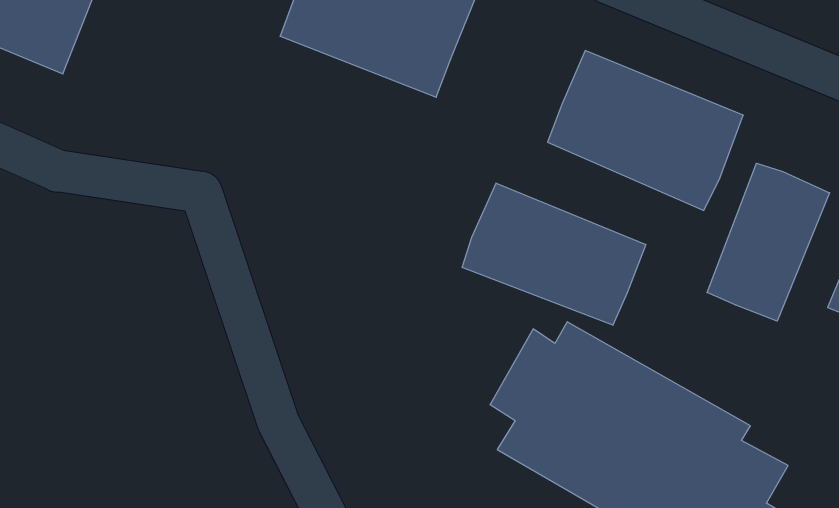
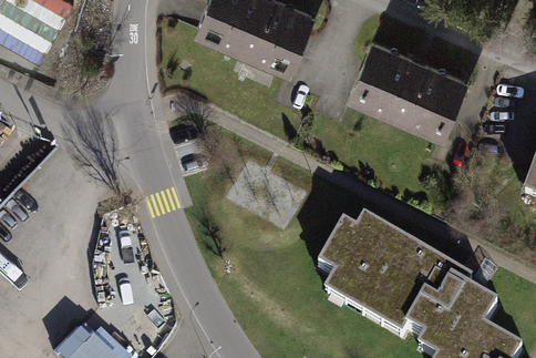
building: [707,163,830,321] -> none
building: [462,183,646,325] -> none

